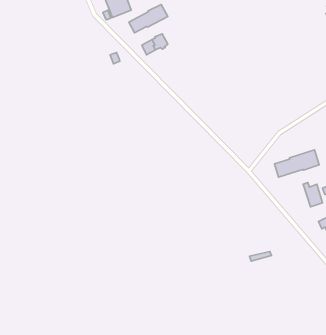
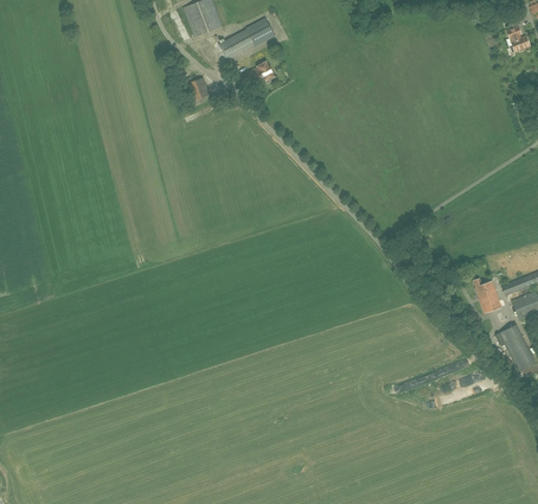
building: [274,150,319,177] -> none

